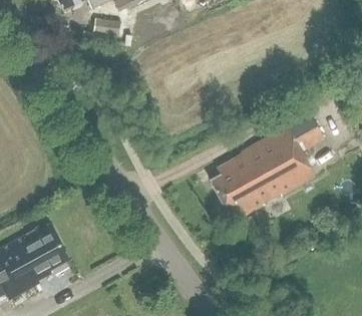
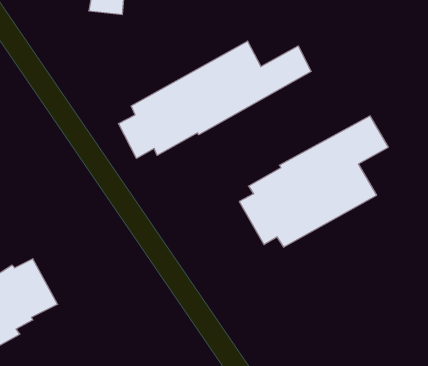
building: none -> [118,41,311,158]

